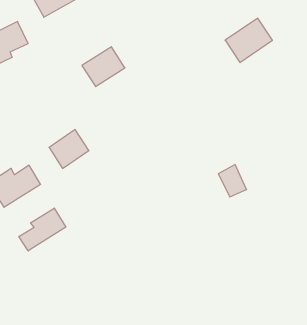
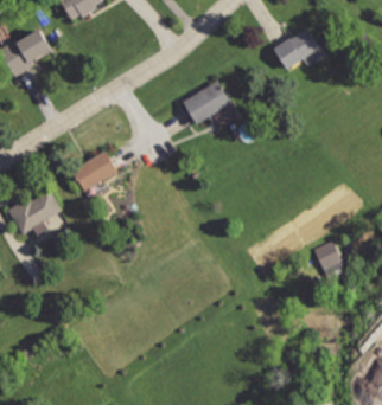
building: [82,47,125,87] -> [183,81,231,126]
building: [218,164,247,197] -> [312,240,344,277]
building: [19,208,66,251] -> none

